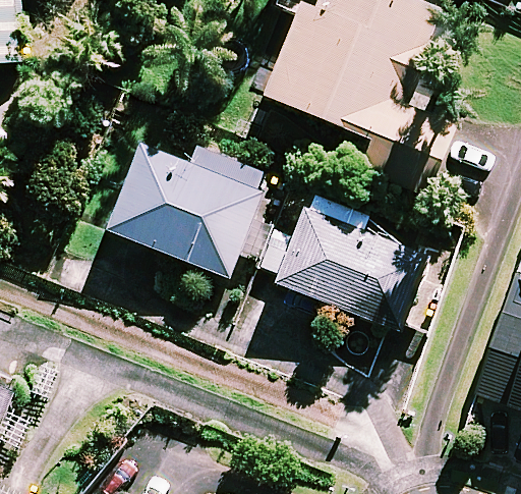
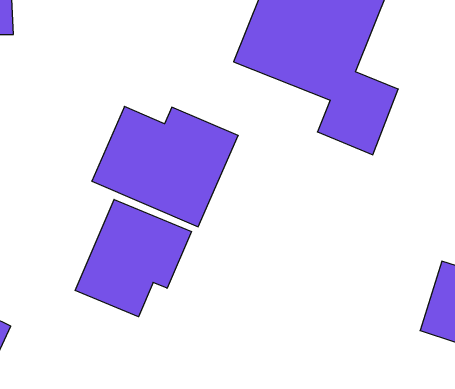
building: [252,193,428,332] -> none
building: none -> [75,199,191,317]

